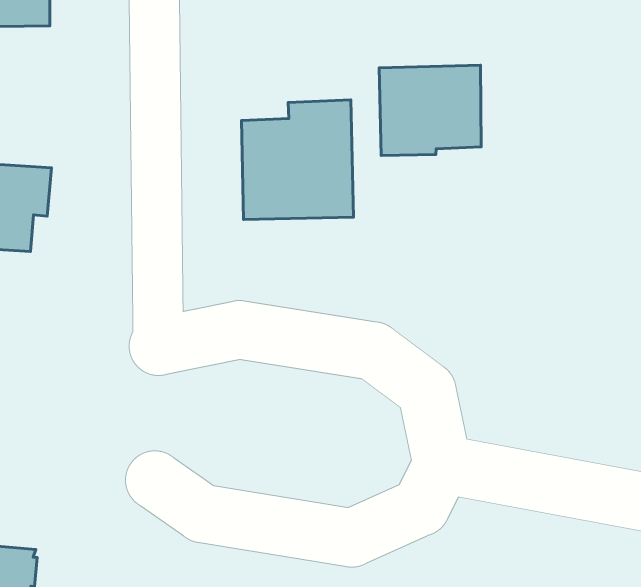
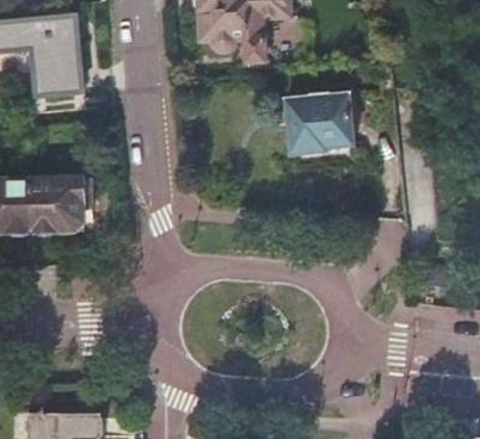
building: [241,100,354,220] -> none

